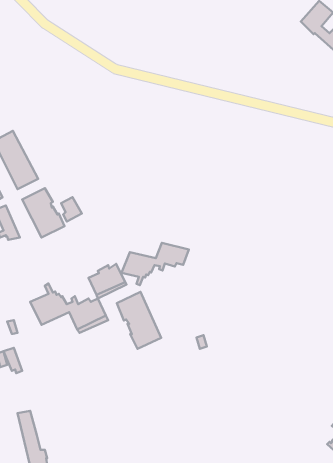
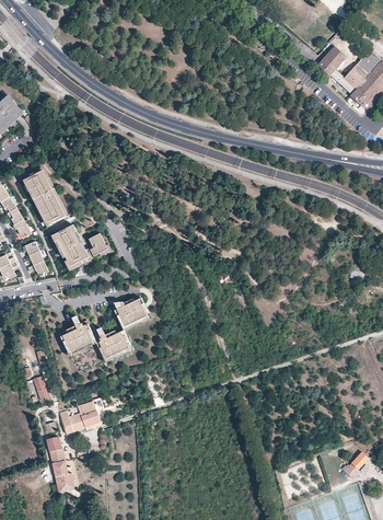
building: [122,243,189,285] -> none
building: [117,292,161,349] -> none
building: none -> [59,402,100,434]

